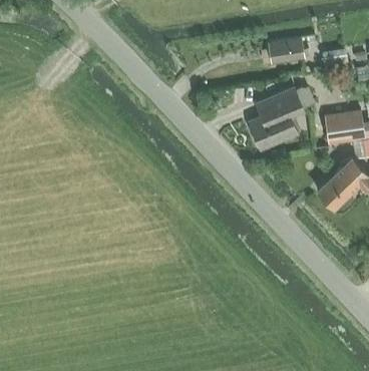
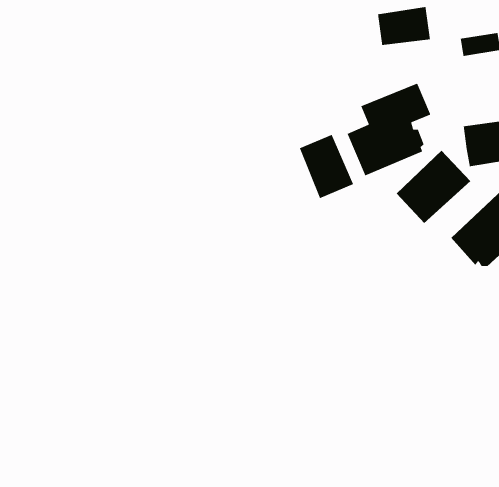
building: none -> [299,134,354,199]
building: none -> [396,150,471,224]

